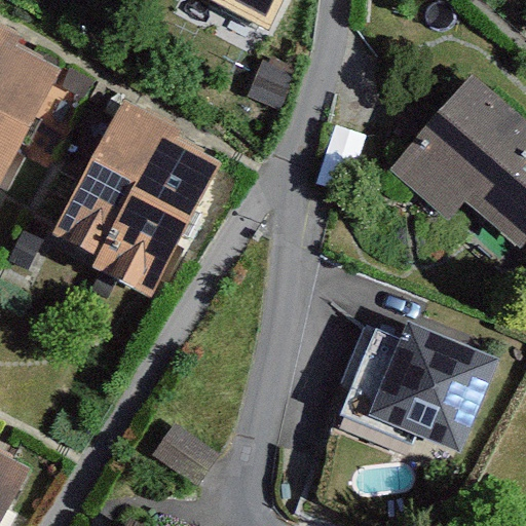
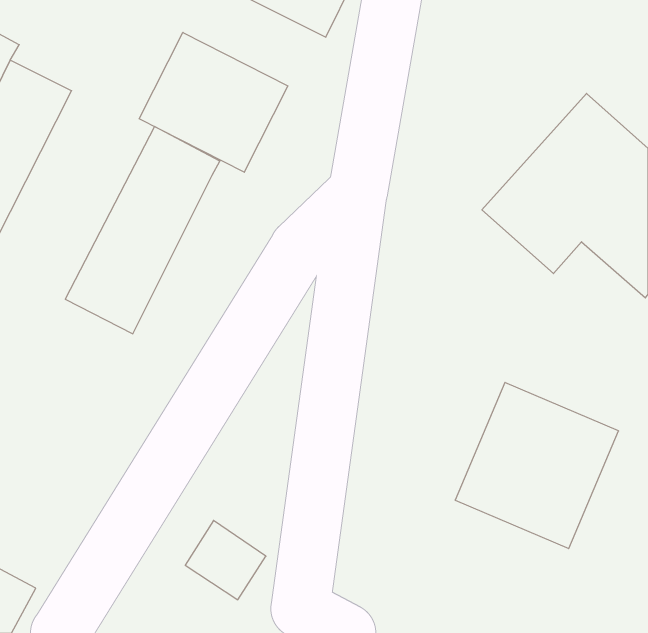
building: none -> [139,32,288,172]
building: [100,141,220,305] -> none

